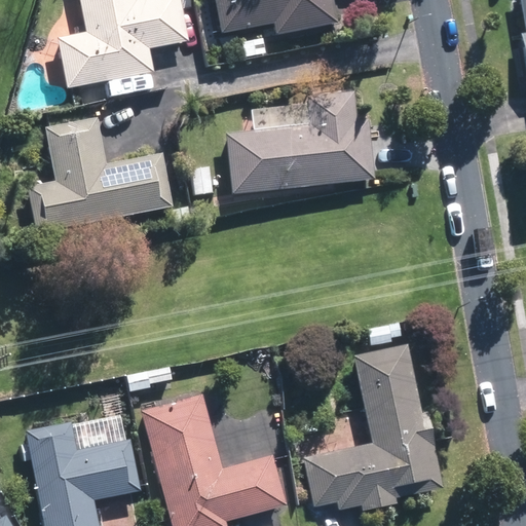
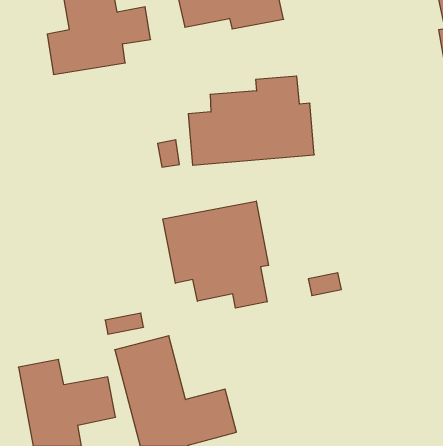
building: [27,114,172,234] -> none
building: none -> [163,201,269,308]
building: [305,344,439,512] -> none

